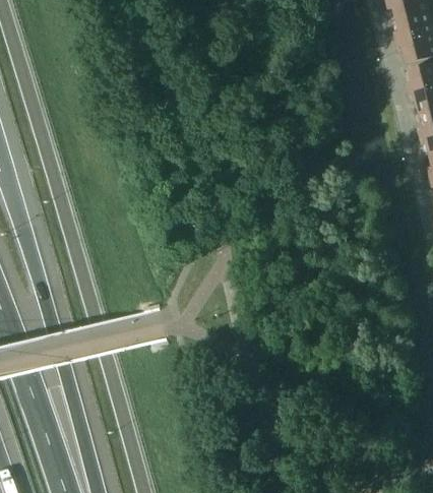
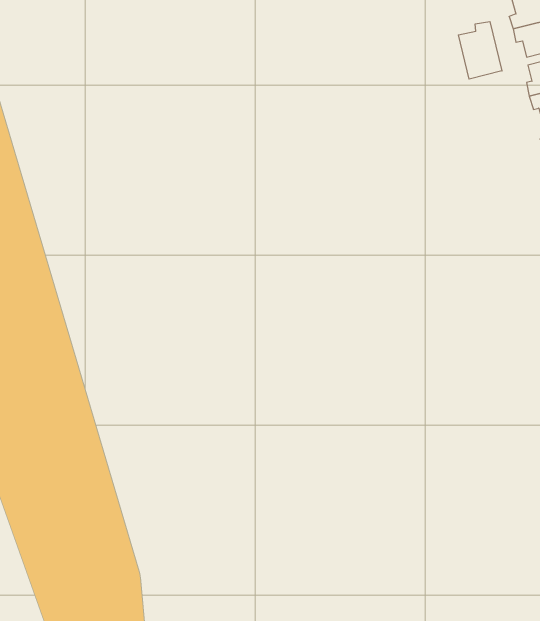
building: none -> [458,22,502,79]

